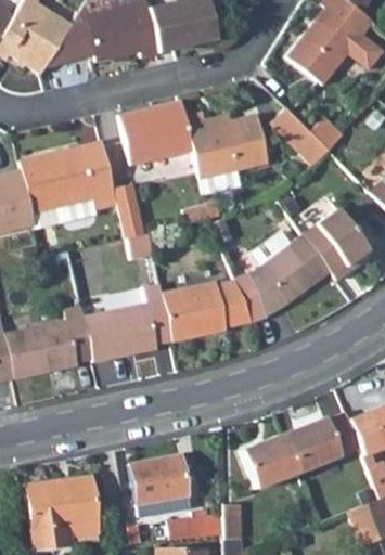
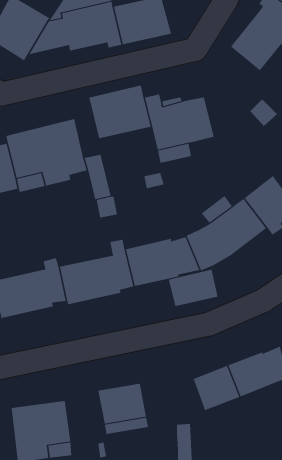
building: [270,107,328,165] -> none
building: none -> [168,269,218,307]
building: [169,511,224,540] -> none

